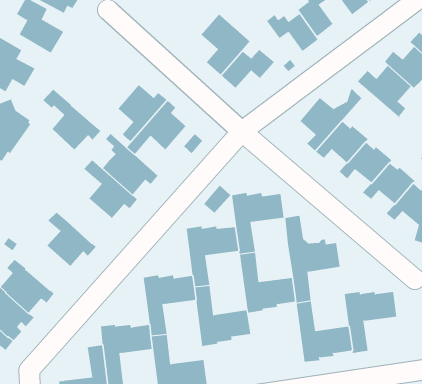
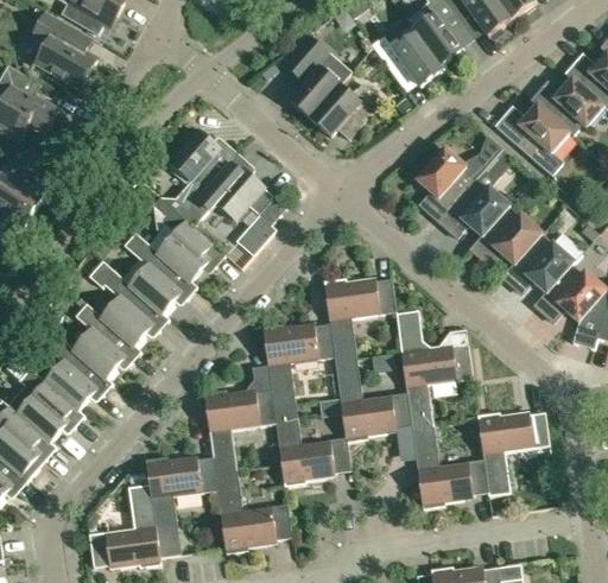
building: [43,89,101,151] -> [89,261,169,346]
building: [203,185,231,214] -> [236,215,274,254]
building: none -> [44,335,112,410]

